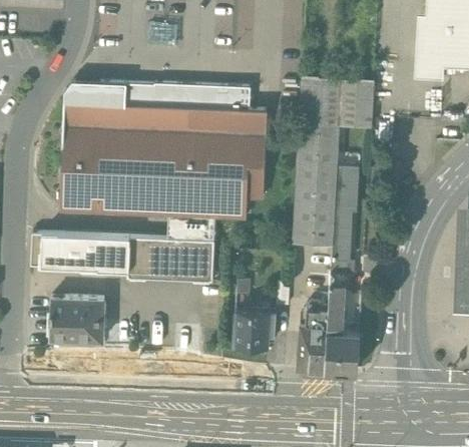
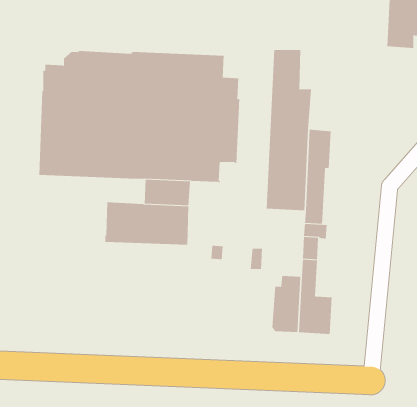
building: [328,80,375,123] -> none
building: [31,232,130,273] -> none
building: [50,296,105,340] -> none
building: [234,310,276,354] -> none

